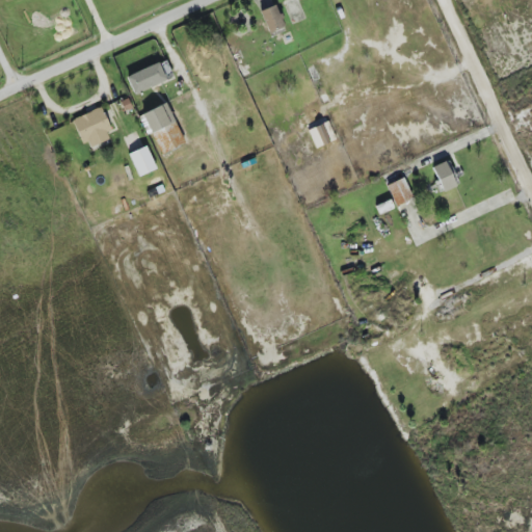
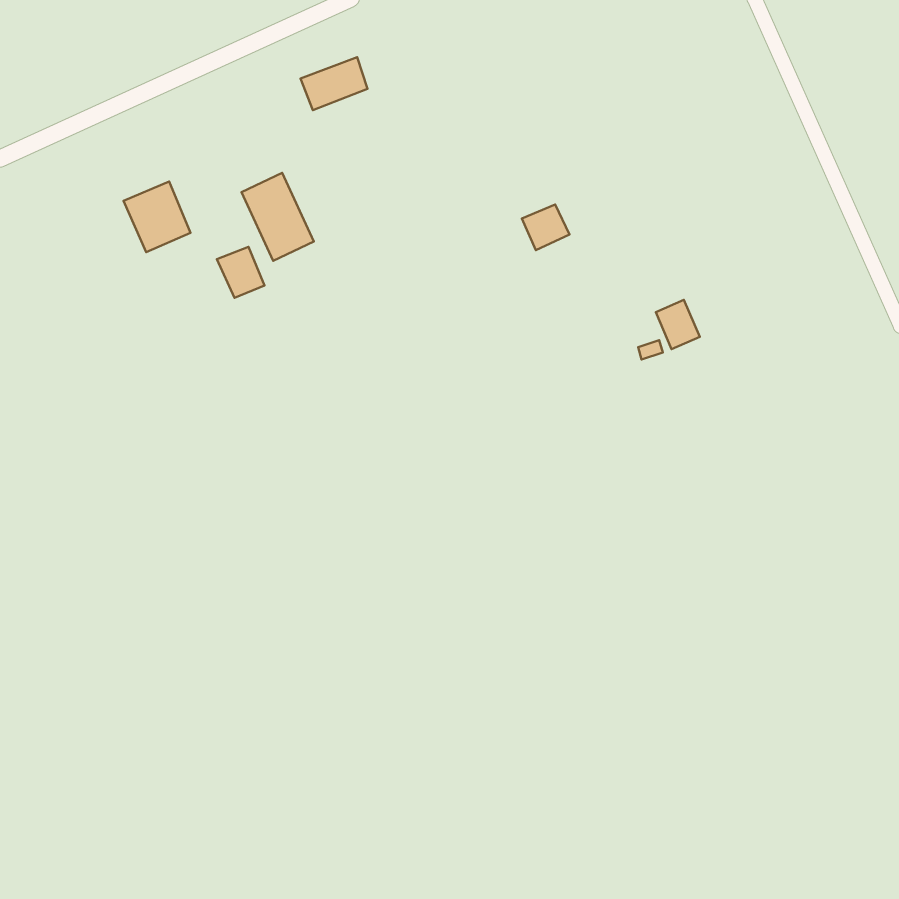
building: [260,4,286,33] -> none
building: [127,62,166,94] -> [301,57,368,110]
building: [432,159,459,191] -> none

